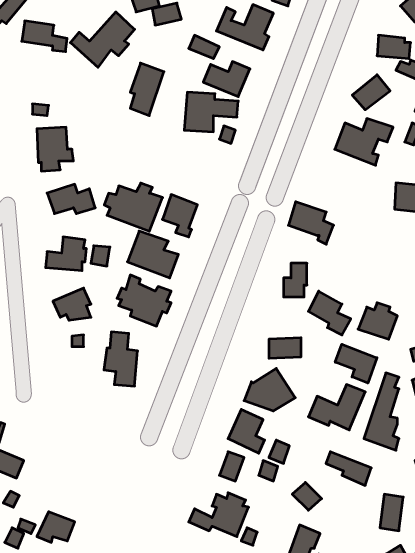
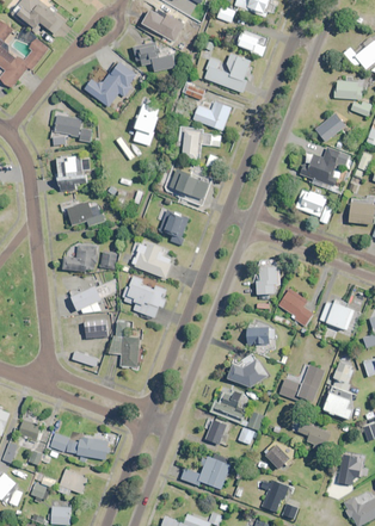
building: [22,21,67,52] -> [54,116,91,141]
building: [104,183,163,231] -> [164,166,211,205]
building: [288,202,334,244] -> [295,188,332,223]
building: [335,344,377,383] -> none
building: none -> [49,433,107,460]

